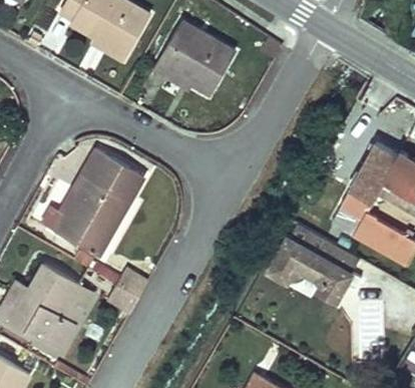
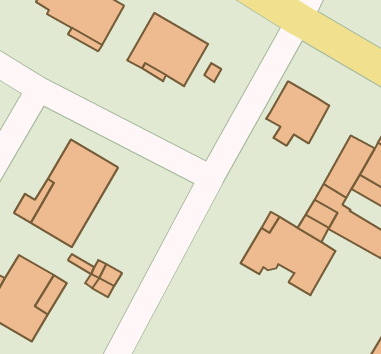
building: none -> [266,81,329,146]

